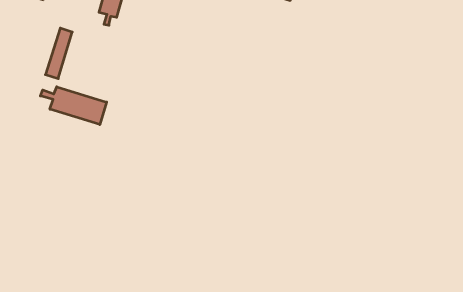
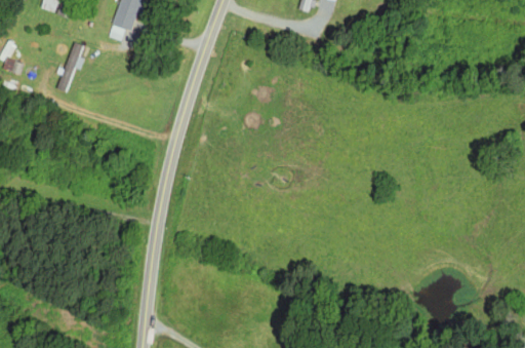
building: [40,87,107,125] -> none

